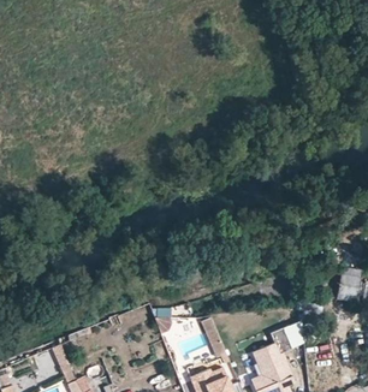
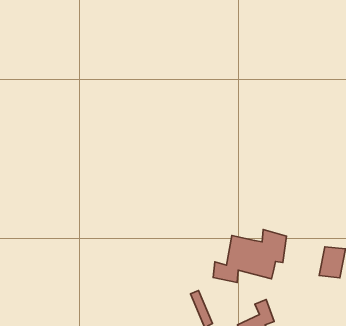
building: none -> [213,229,286,283]

